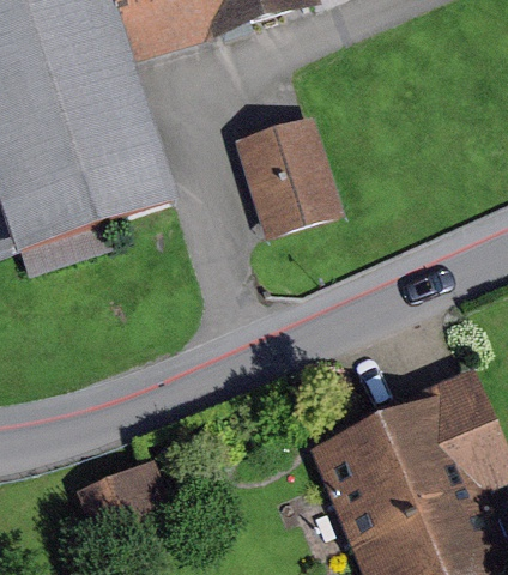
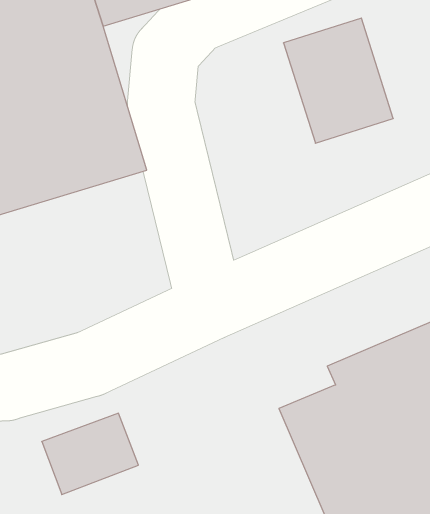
building: [234,109,345,236] -> [283,18,393,143]

